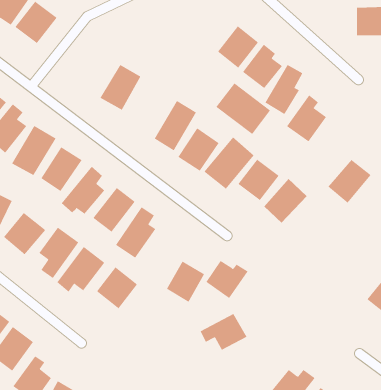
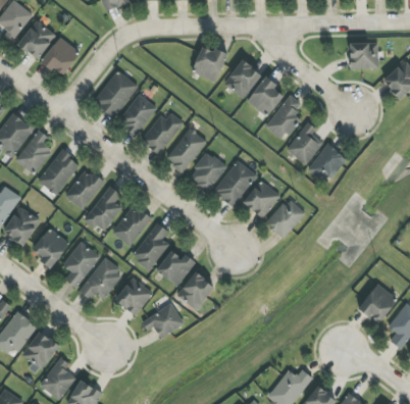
building: none -> [193,45,226,82]
building: none -> [93,69,138,118]
building: [216,82,271,135] -> none
building: none -> [141,113,183,154]
building: [327,159,371,203] -> [307,144,347,184]
building: [206,260,249,299] -> [157,251,196,286]
building: [200,313,247,350] -> [142,304,185,338]

